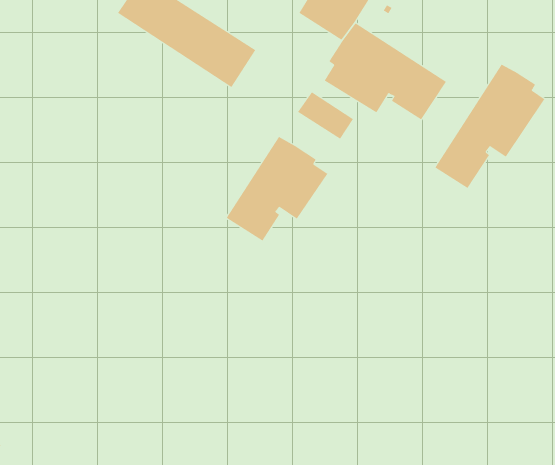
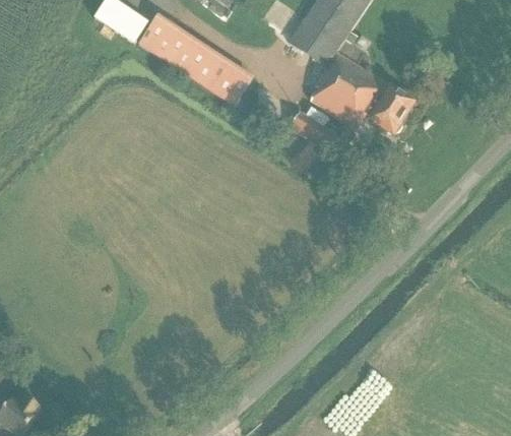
building: [434,64,545,189] -> none
building: [226,136,328,241] -> none

